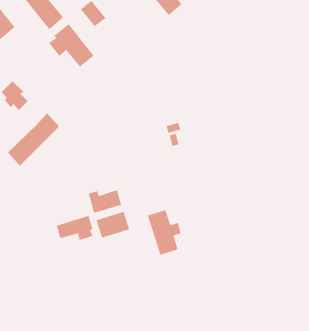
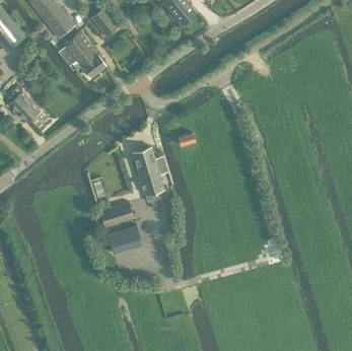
building: [7,113,60,166] -> none
building: [147,209,182,256] -> [132,147,167,195]
building: [56,215,94,241] -> none

